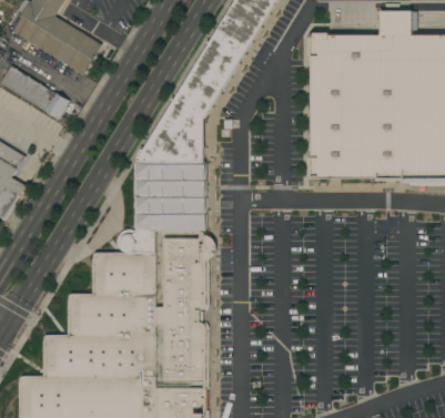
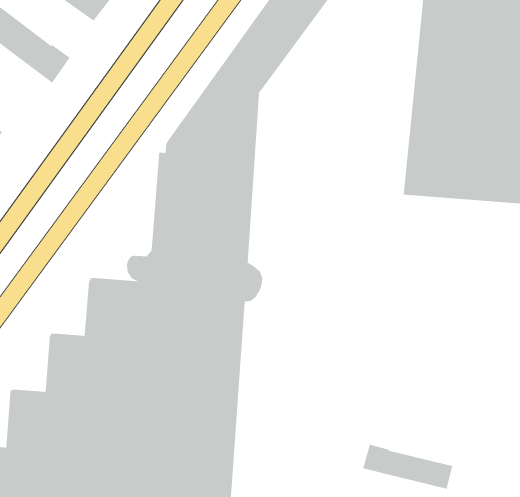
building: none -> [362,444,453,490]

